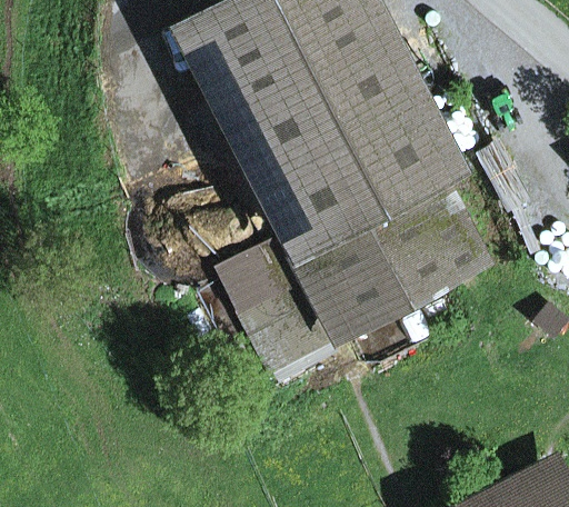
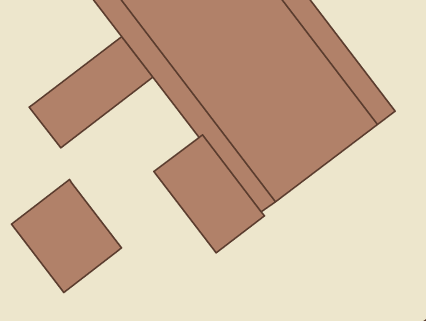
building: none -> [29,37,153,148]
building: none -> [11,179,122,293]

